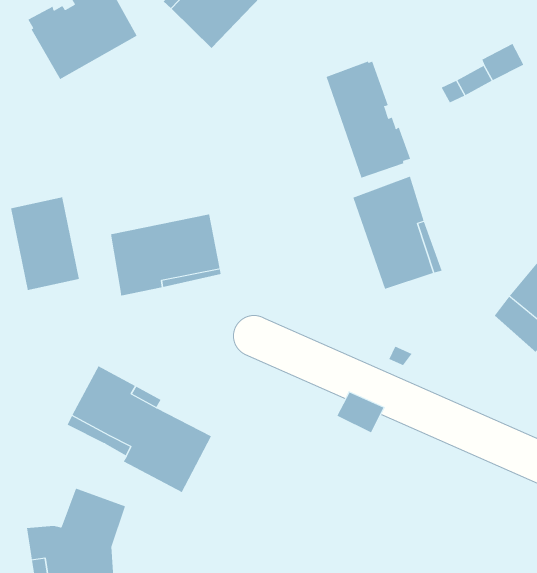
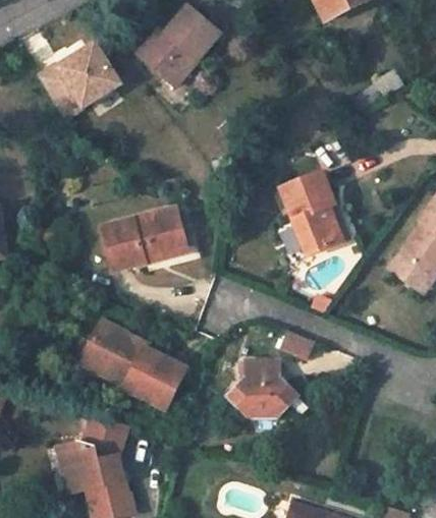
building: [326,61,411,178] -> none
building: [10,197,79,291] -> none
building: none -> [227,363,298,420]

